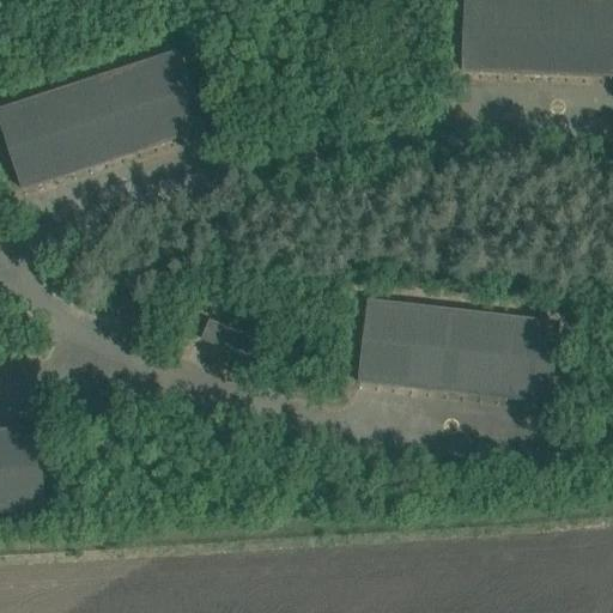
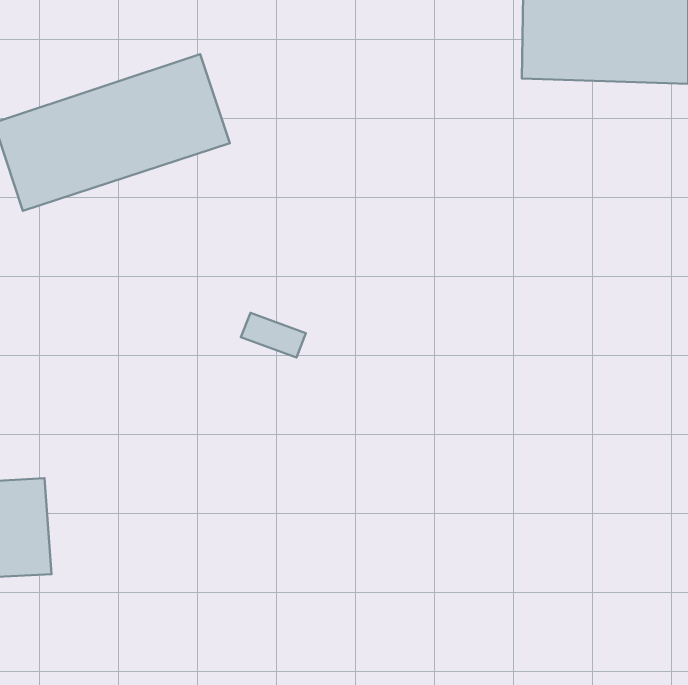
building: [357,297,558,402] -> none
building: [200,317,257,357] -> [241,313,306,357]

